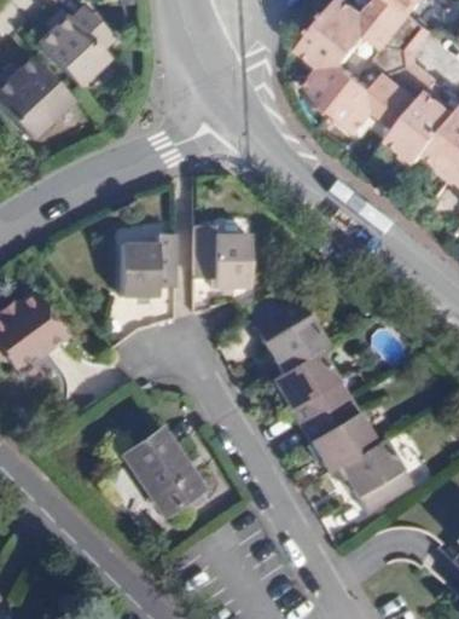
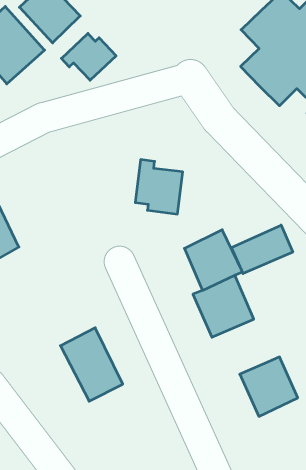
building: none -> [61,33,116,80]
building: [115,231,173,289] -> none
building: none -> [232,225,293,274]
building: [304,394,379,469] -> none

